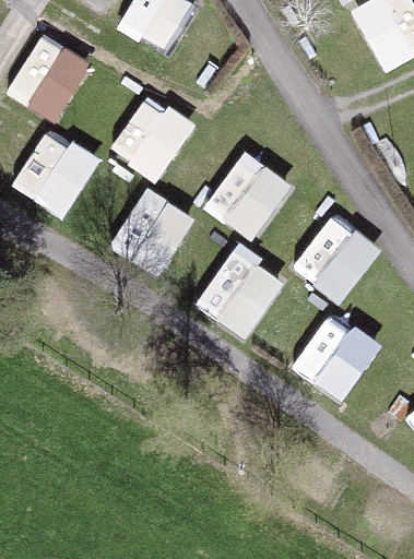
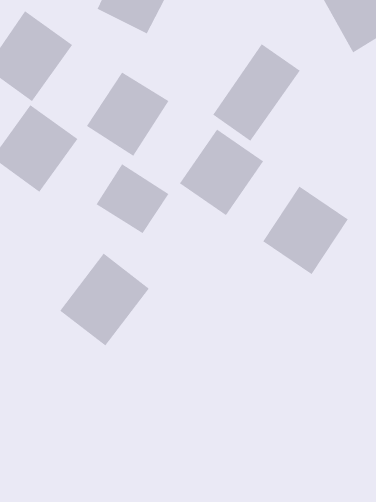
building: none -> [212,43,301,142]
building: [192,243,286,341] -> [59,253,150,347]
building: [291,311,377,399] -> none

